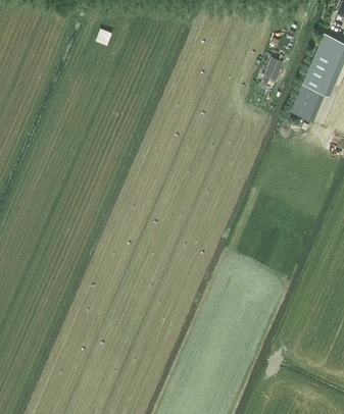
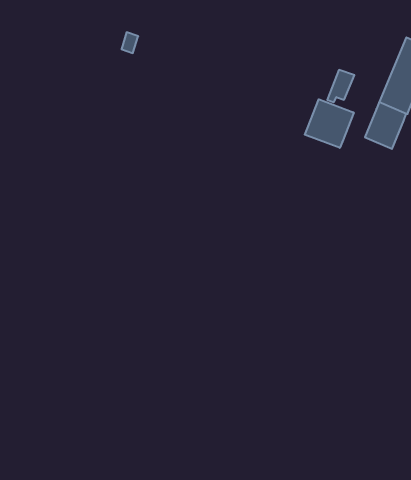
building: none -> [305,99,354,148]

